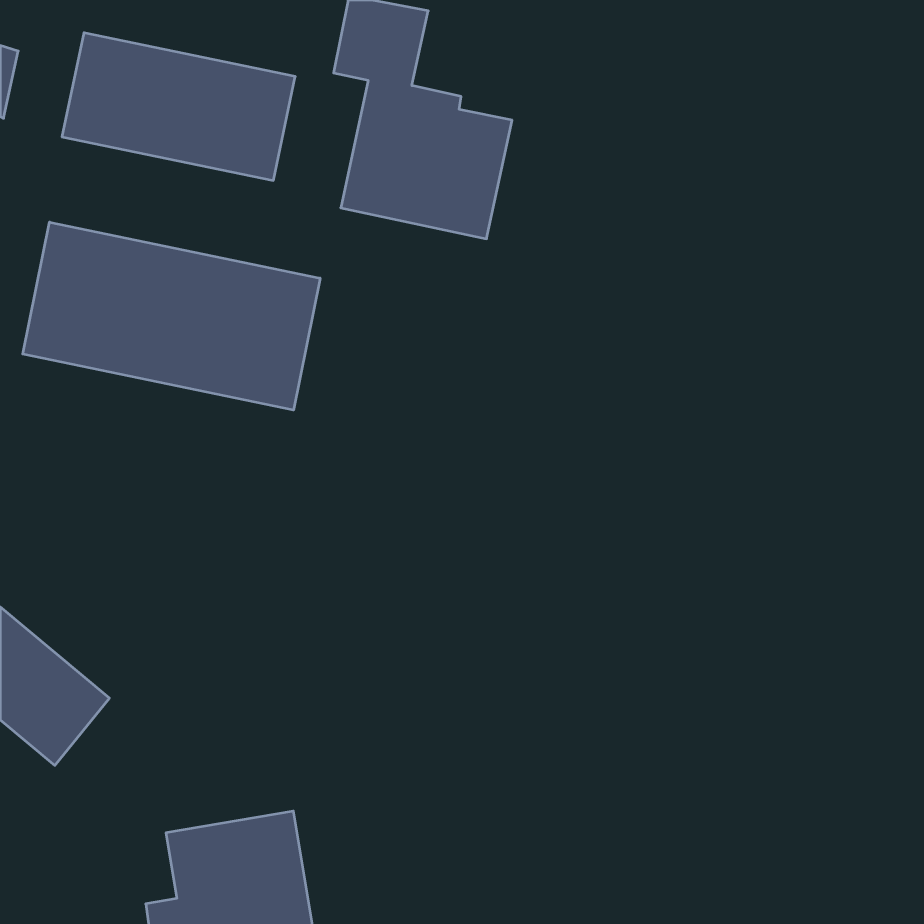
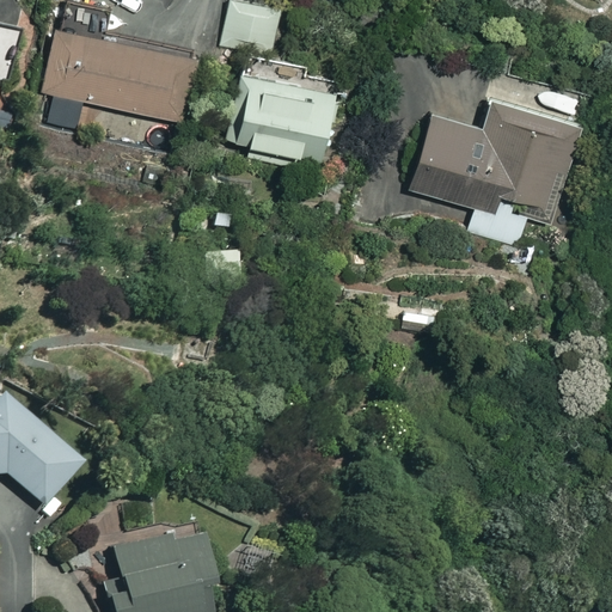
building: none -> [410,75,581,251]
building: [23,222,320,410] -> none

